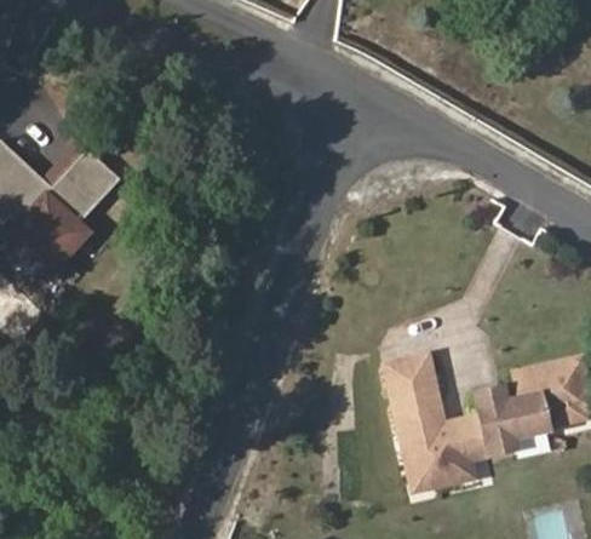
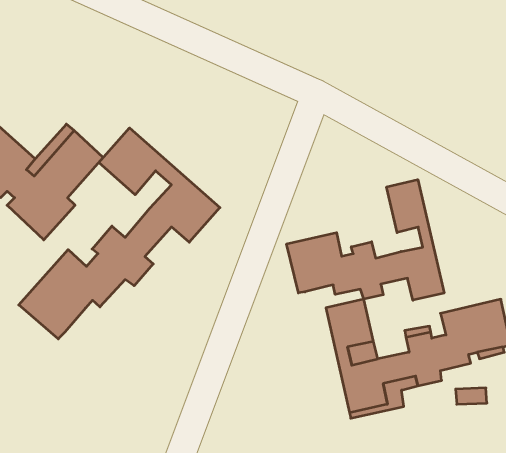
building: none -> [19,128,220,339]
building: none -> [287,180,444,300]

